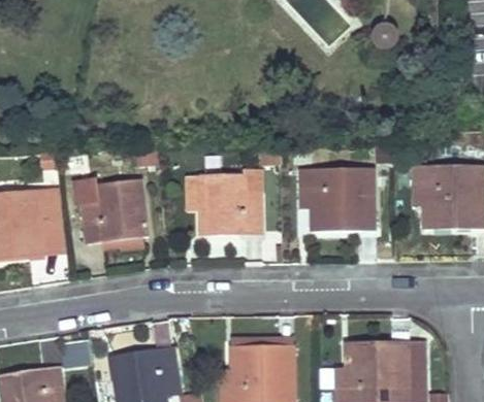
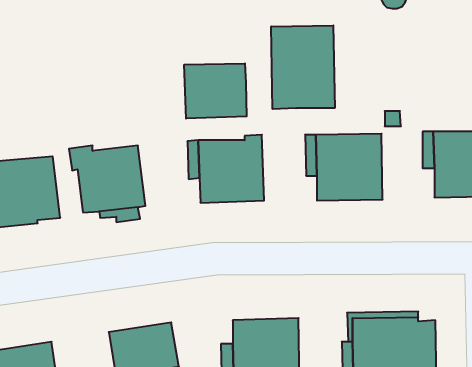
building: none -> [271,25,335,109]
building: none -> [184,63,247,119]

